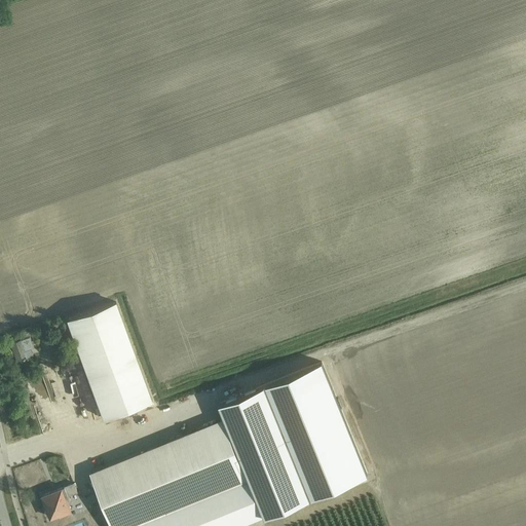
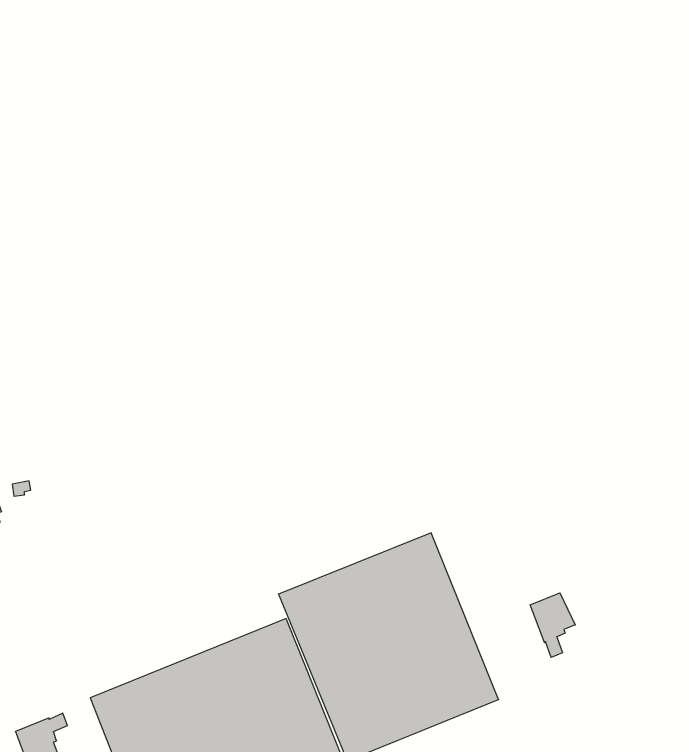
building: [66,305,151,422] -> none
building: none -> [530,593,575,657]

